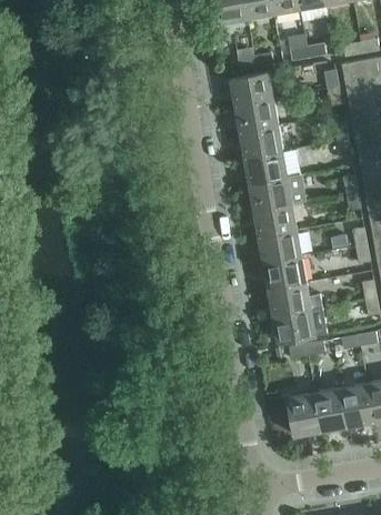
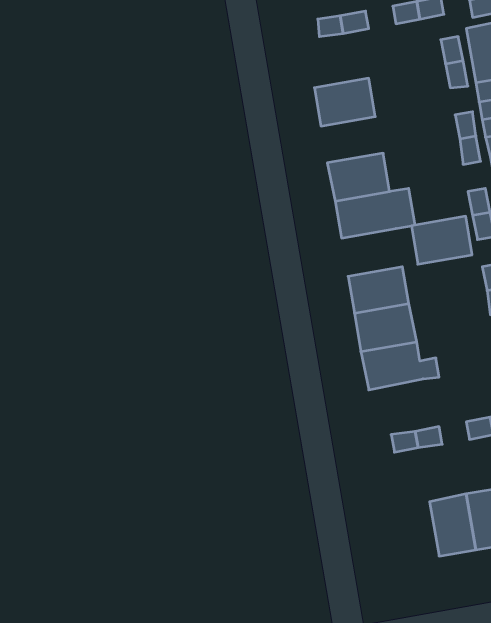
building: [230,72,273,105] -> none
building: [240,125,283,158] -> none
building: [254,203,297,236] -> [411,216,472,264]
building: [273,307,315,342] -> none
building: [288,393,322,436] -> none

